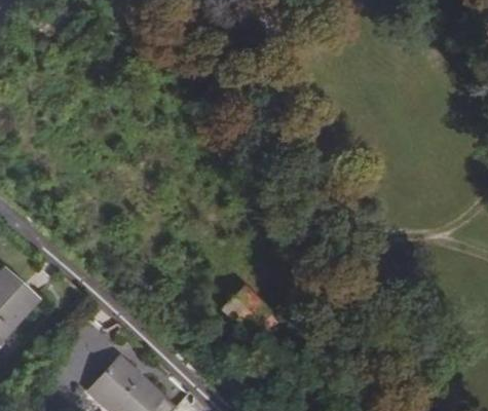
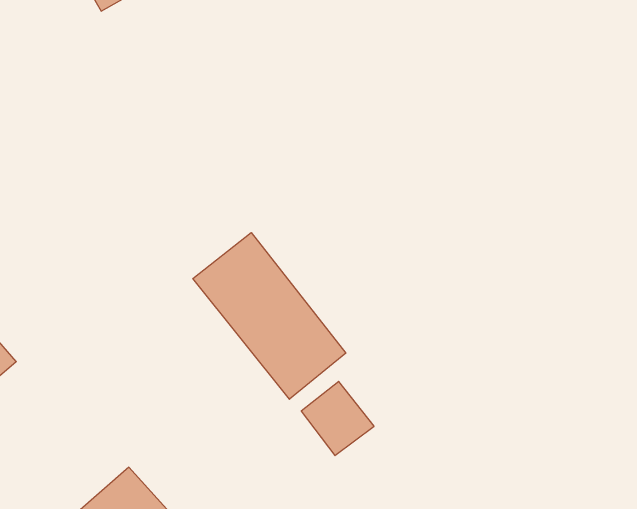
building: none -> [193,233,346,399]

